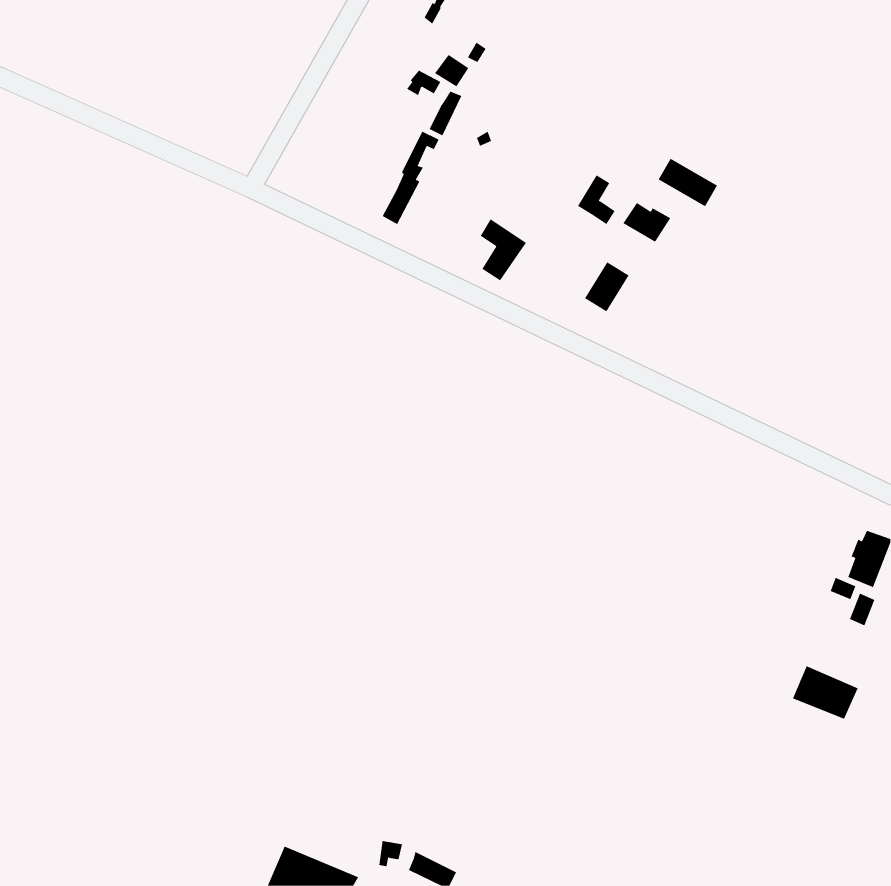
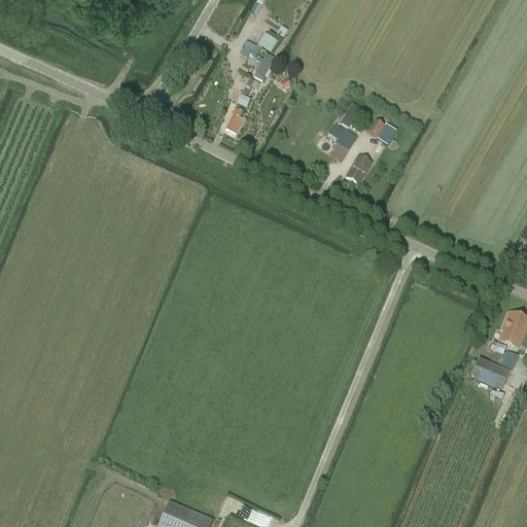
building: [658,158,718,207] -> none
building: [480,218,527,281] -> [328,124,356,161]
building: [792,665,858,720] -> [469,357,508,389]

